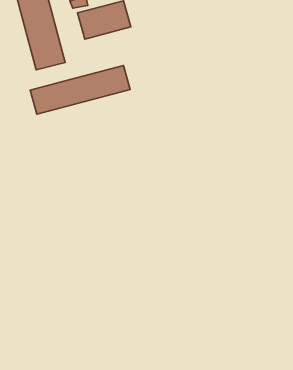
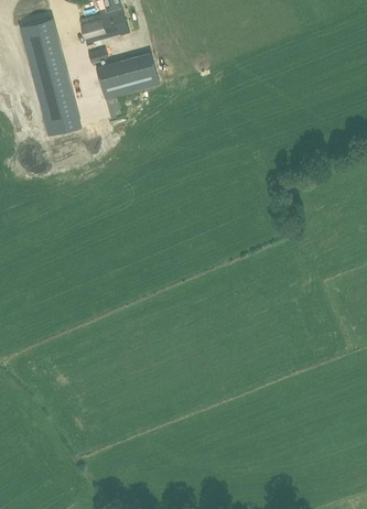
building: [30,65,130,114] -> none

